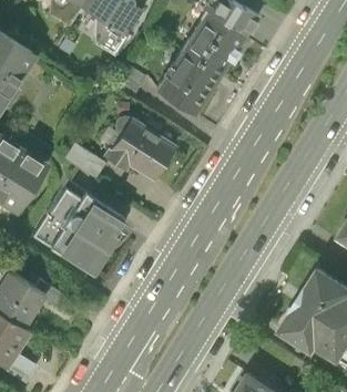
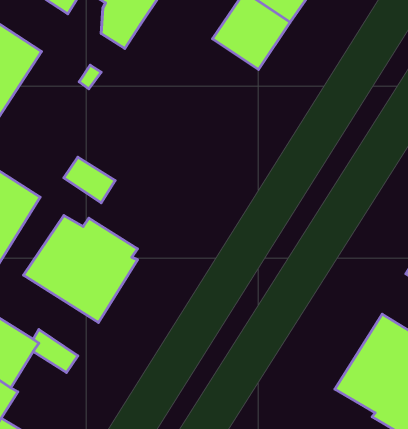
building: [156,49,220,114] -> none
building: [104,116,174,177] -> none

